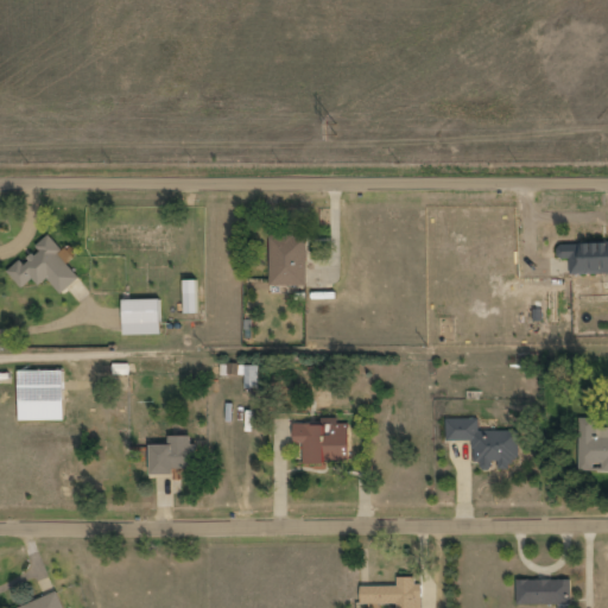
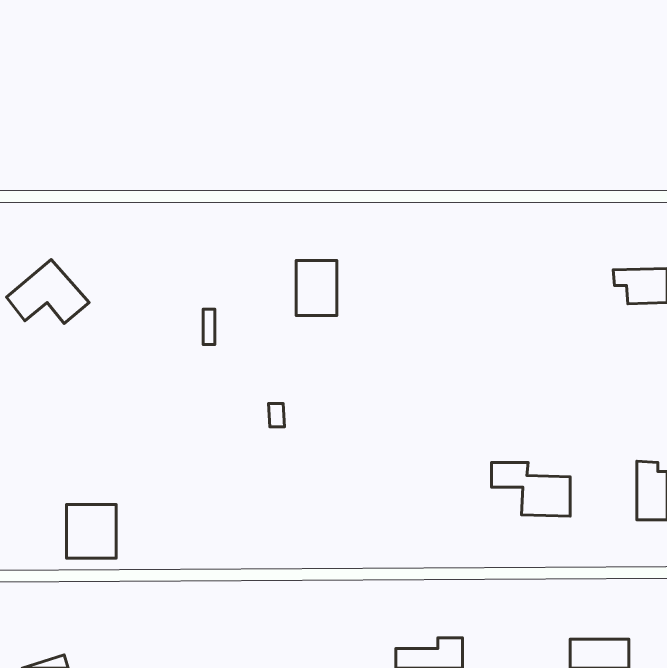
building: [121,298,159,335] -> none
building: [17,372,62,420] -> [66,505,116,558]
building: [292,424,348,463] -> none
building: [150,435,197,473] -> none

